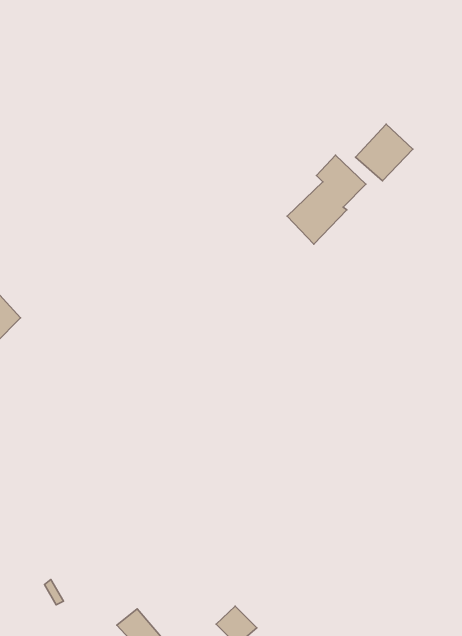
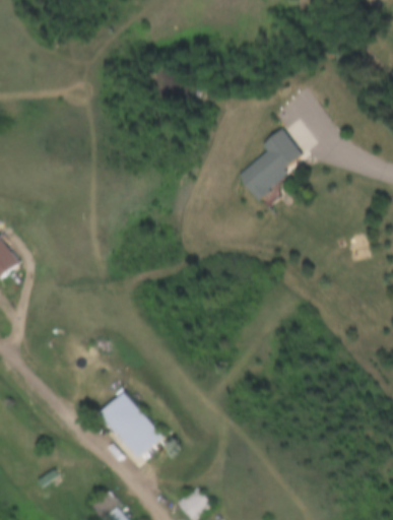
building: [356,124,413,181] -> none
building: none -> [101,393,163,459]

